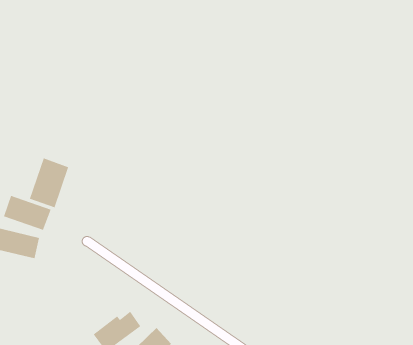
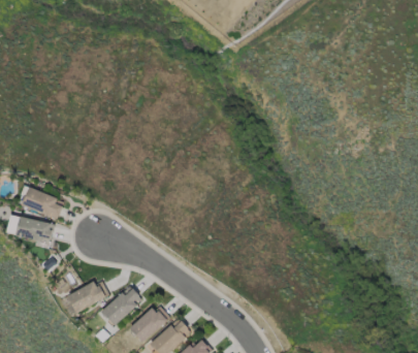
building: [29,158,69,208] -> none
building: none -> [67,280,108,312]

